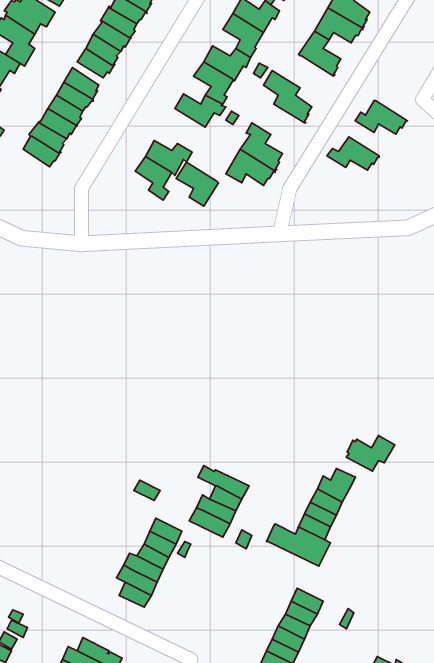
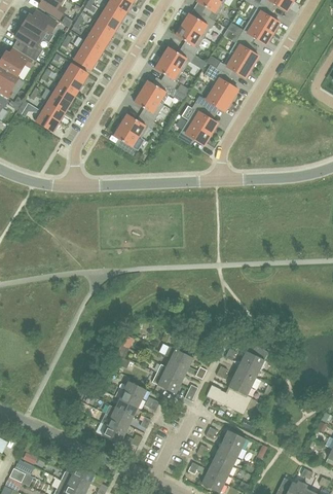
building: [355,101,408,134] -> [216,54,253,77]
building: [327,137,379,170] -> [195,87,232,111]
building: [176,162,218,206] -> [134,91,163,121]
building: [346,435,395,471] -> none

